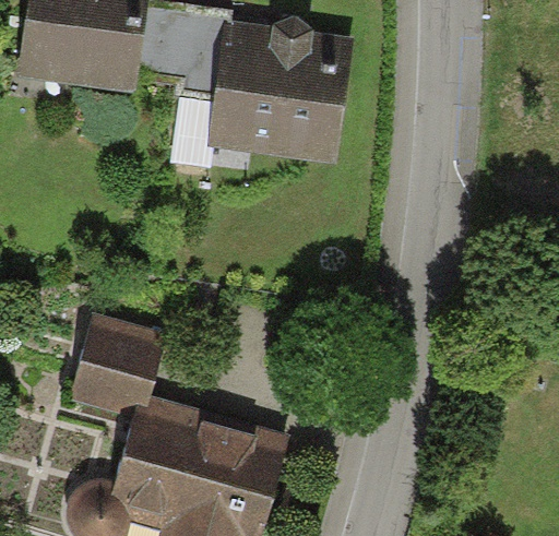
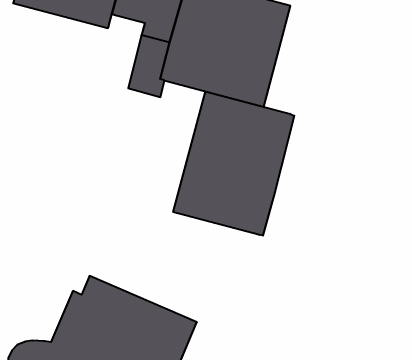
building: none -> [173,92,294,236]
building: [69,312,168,419] -> none

